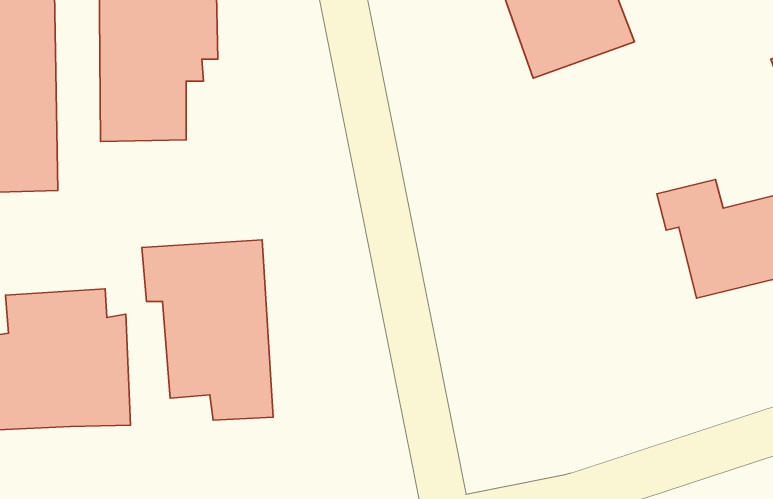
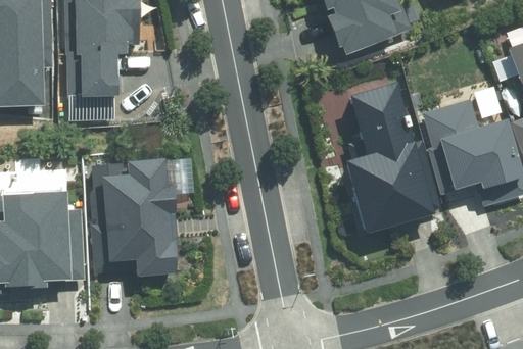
building: none -> [342,89,432,238]

